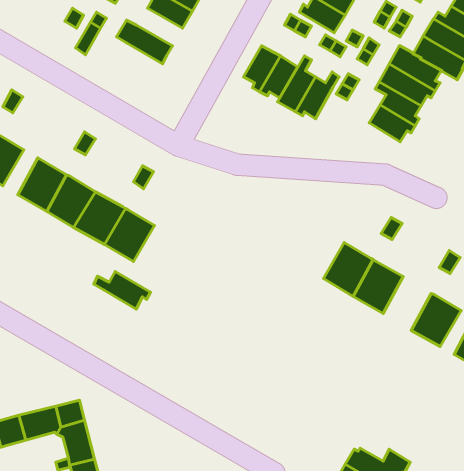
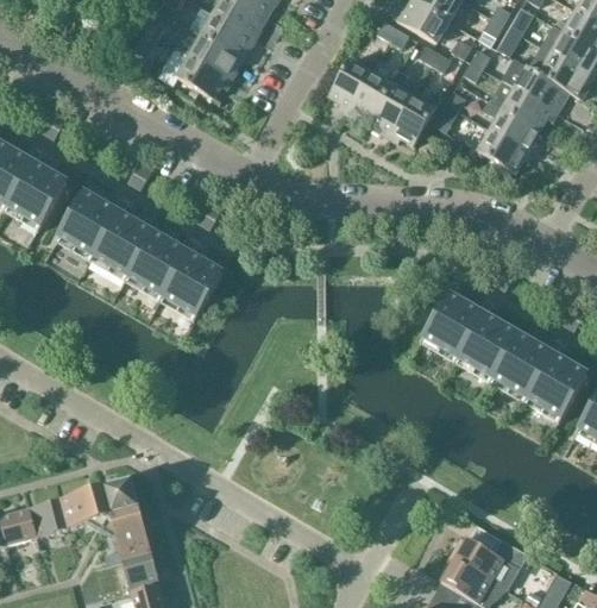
building: none -> [201,12,256,57]
building: none -> [177,54,232,96]
building: [94,271,151,309] -> none
building: none -> [495,332,552,396]

